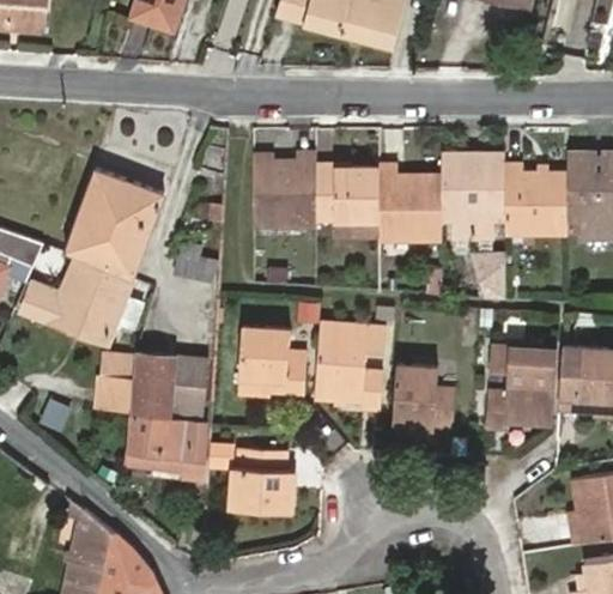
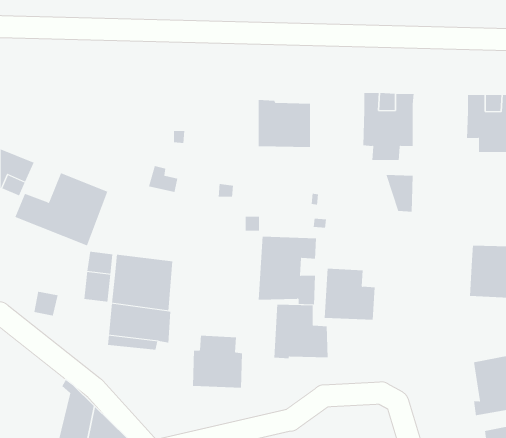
building: [250,156,311,229] -> none
building: [65,164,165,277] -> none
building: [374,170,438,243] -> none
building: [498,172,563,226] -> none
building: [239,329,305,395] -> [274,304,328,359]
building: [492,341,560,423] -> none

